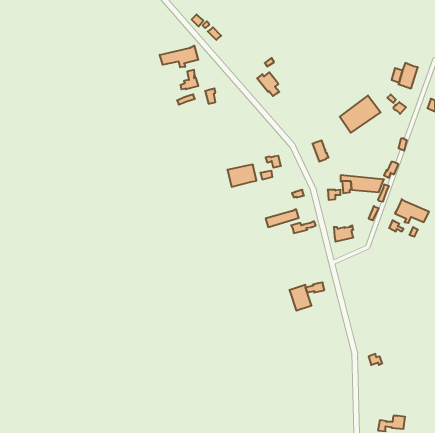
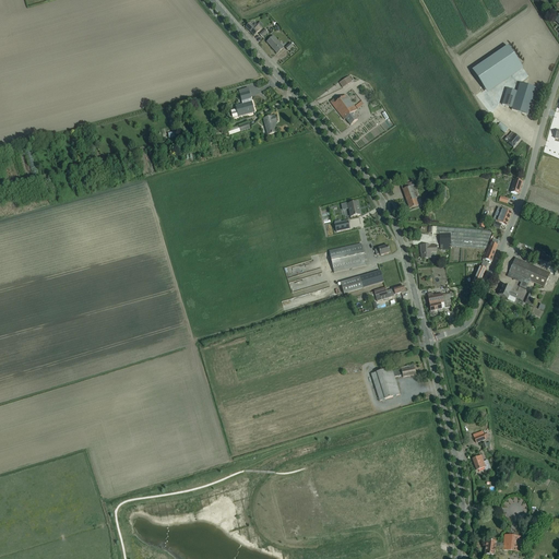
building: [160,46,198,67] -> none
building: [340,95,381,133] -> [471,40,523,88]
building: [227,165,256,187] -> [329,242,366,271]

